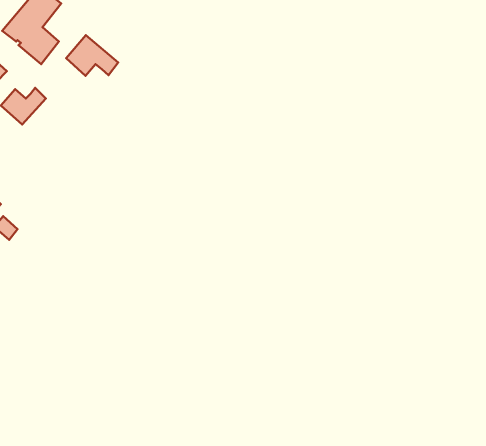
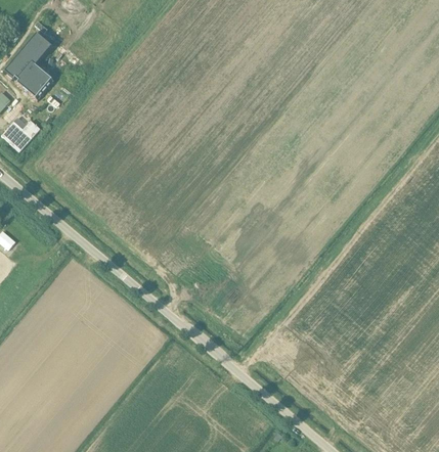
building: [66,35,118,76] -> none

